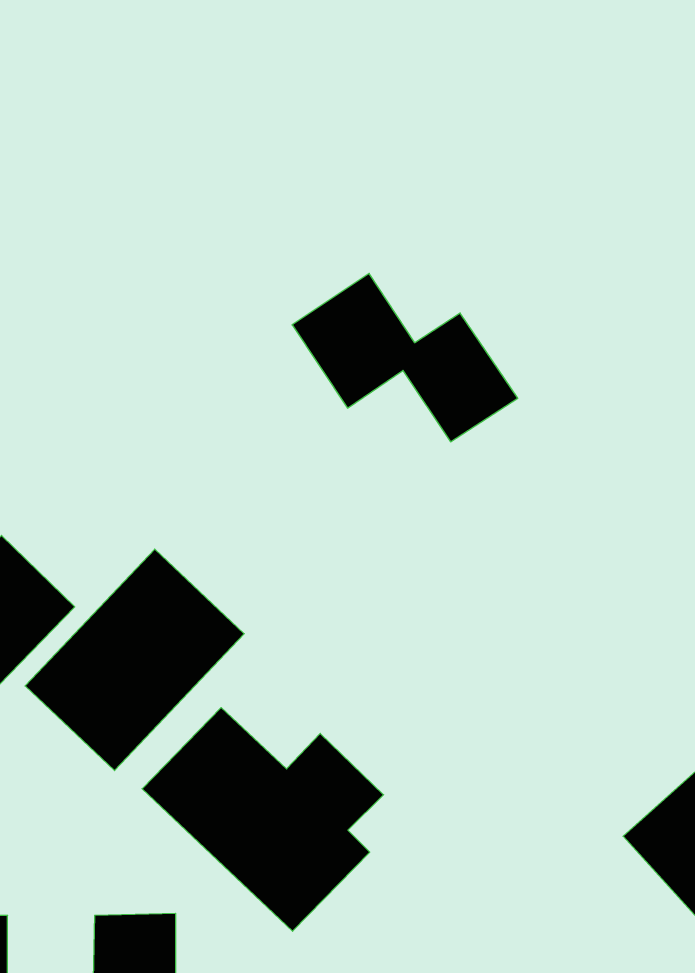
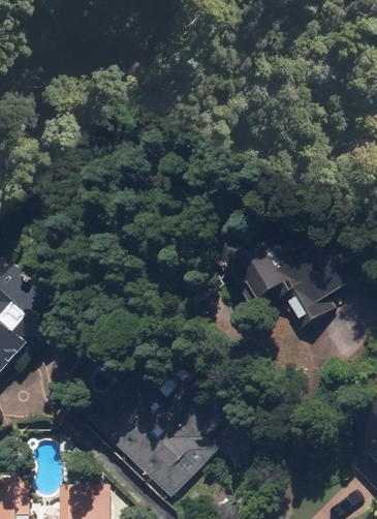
building: [292,273,518,442] -> [229,231,347,318]
building: [25,549,244,771] -> none

